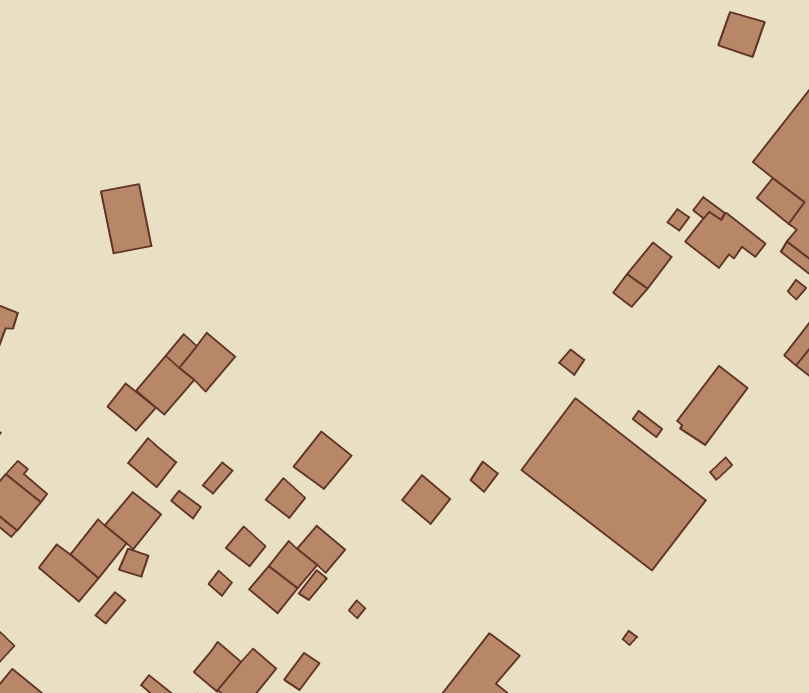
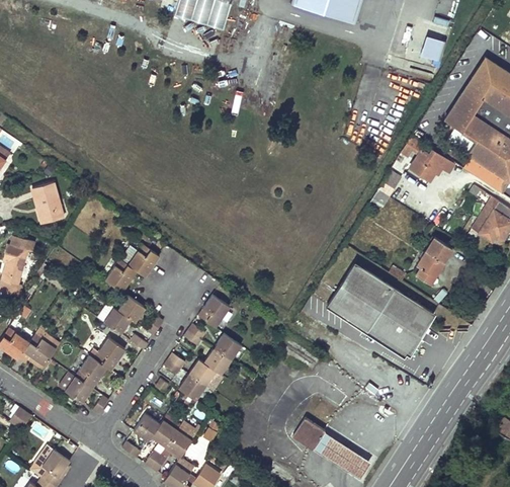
building: [101,184,152,253] -> [32,183,64,224]
building: [108,383,156,431] -> [117,296,145,322]
building: [402,475,450,524] -> [214,333,241,360]
building: none -> [133,413,160,441]

